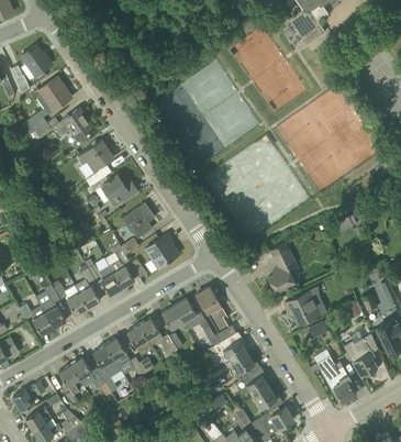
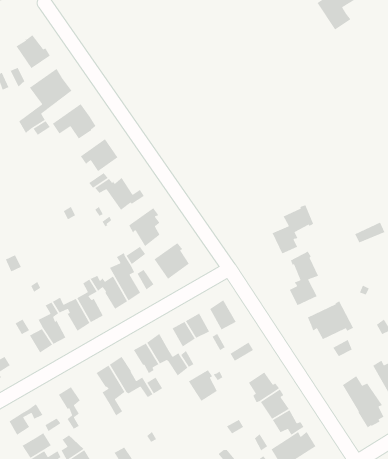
building: none -> [272,204,314,254]
building: [219,332,246,362] -> [188,369,218,402]
building: [70,357,104,387] -> none

